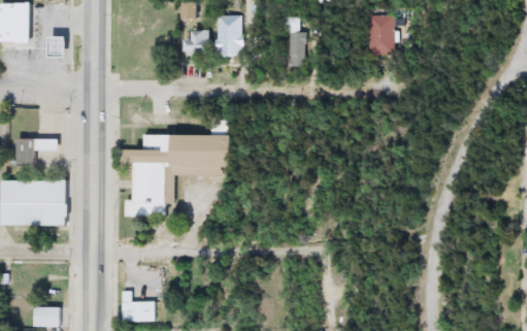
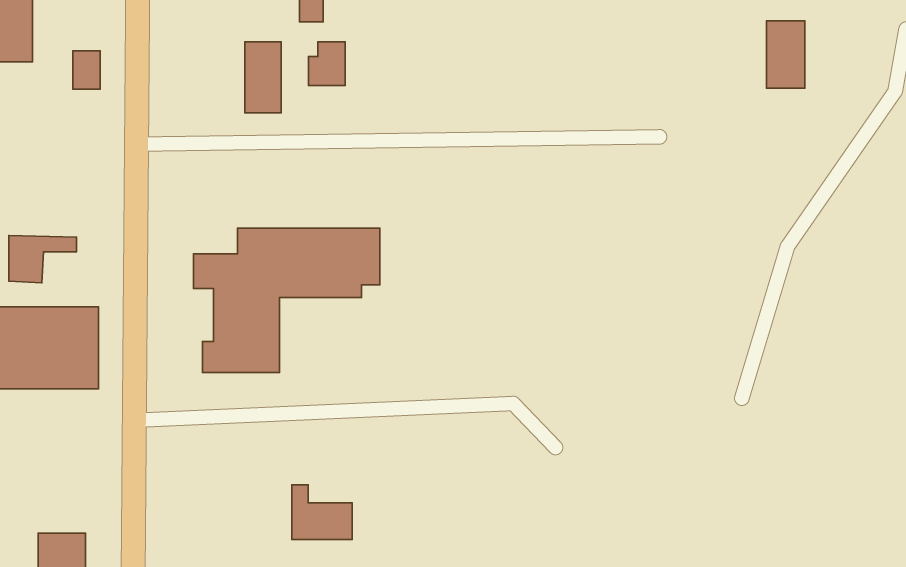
building: [219,15,239,56] -> [245,42,281,113]
building: [286,15,301,66] -> none
building: [368,15,390,54] -> [766,21,805,88]
building: [123,291,157,322] -> [292,485,352,539]

